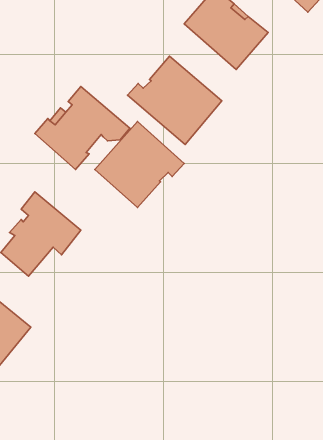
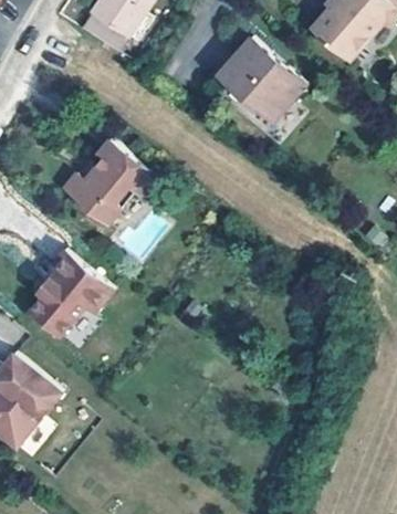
building: [128,56,222,144] -> none
building: [95,122,184,208] -> none

